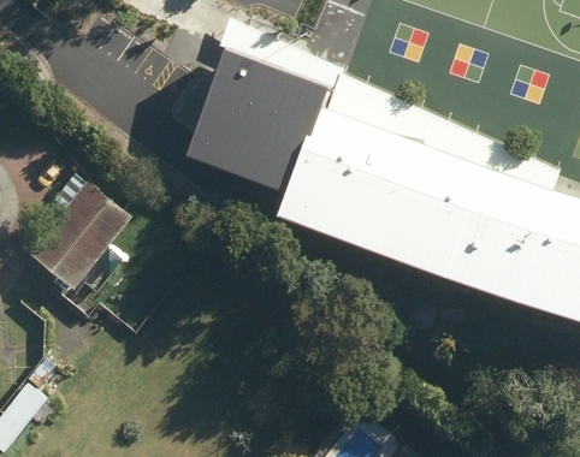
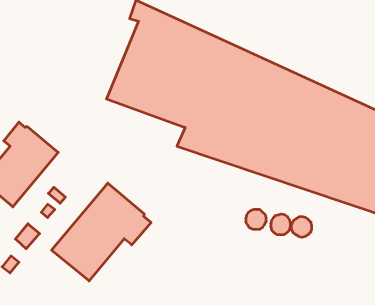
building: none -> [52,183,151,281]

